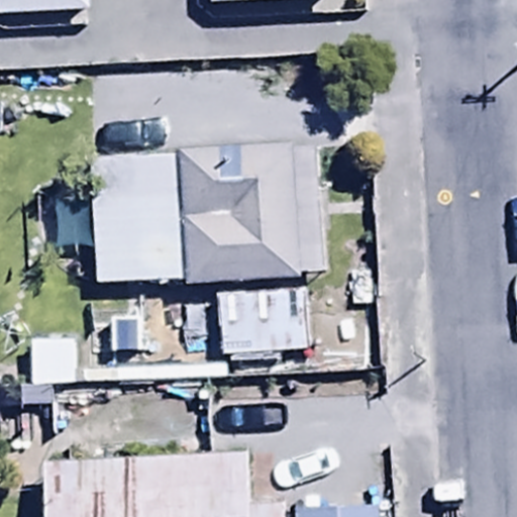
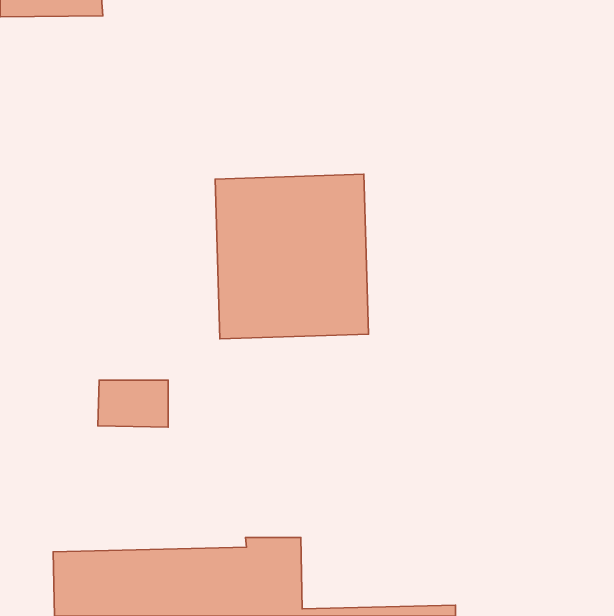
building: [91,149,187,287] -> none
building: [217,288,310,355] -> none

